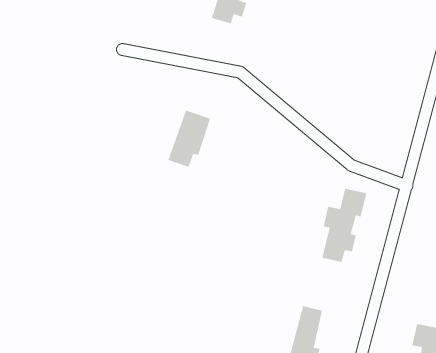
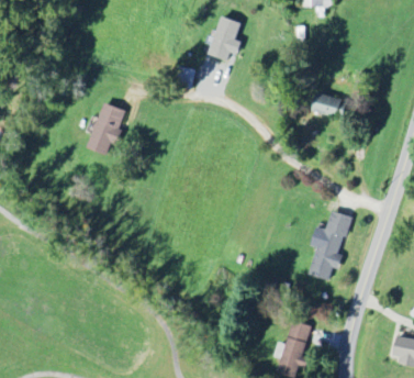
building: none -> [311,92,343,116]
building: [168,110,211,167] -> [86,102,125,155]

